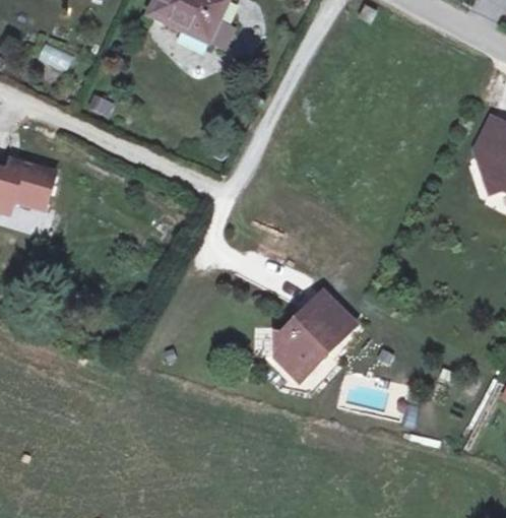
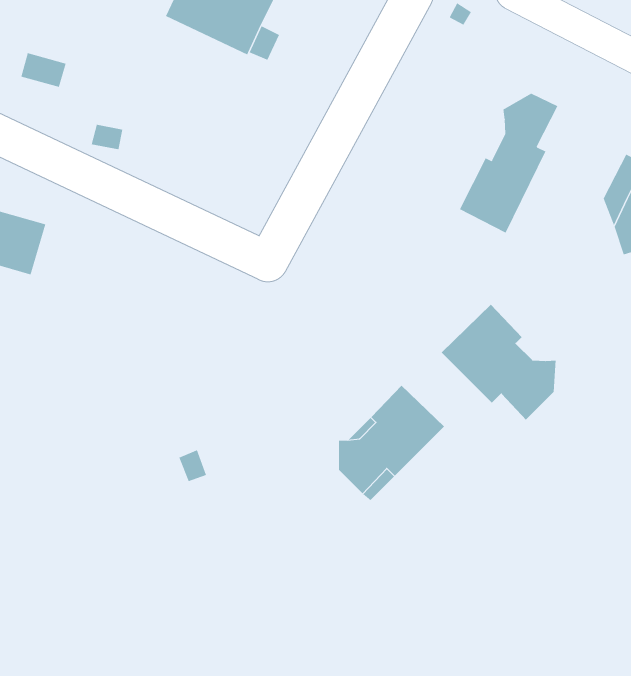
building: none -> [459,93,558,234]
building: none -> [441,304,556,420]

